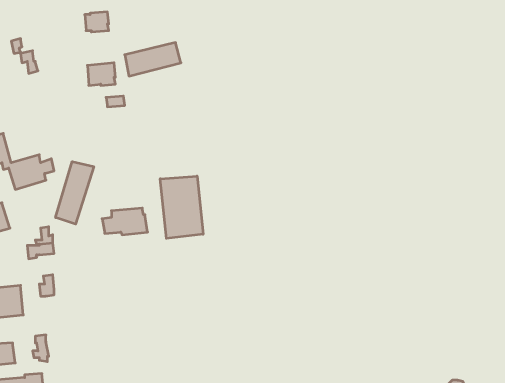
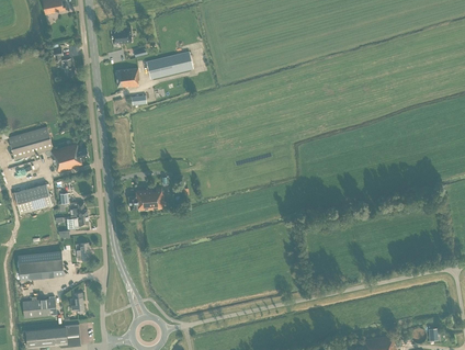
building: [56,162,94,224] -> none
building: [160,176,203,238] -> none

